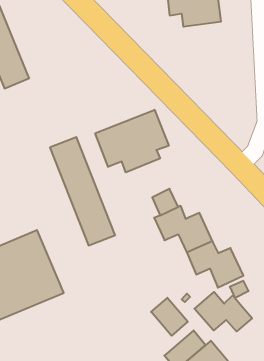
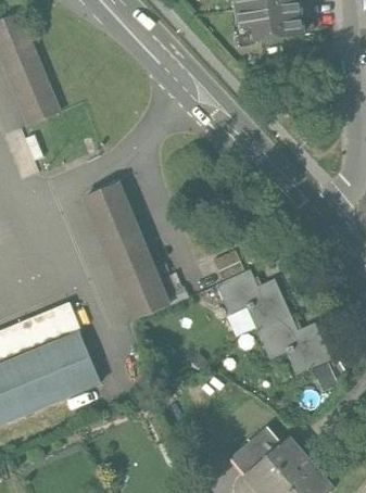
building: [95,110,169,172] -> none
building: [194,292,252,331] -> none
building: [151,298,188,336] -> none

